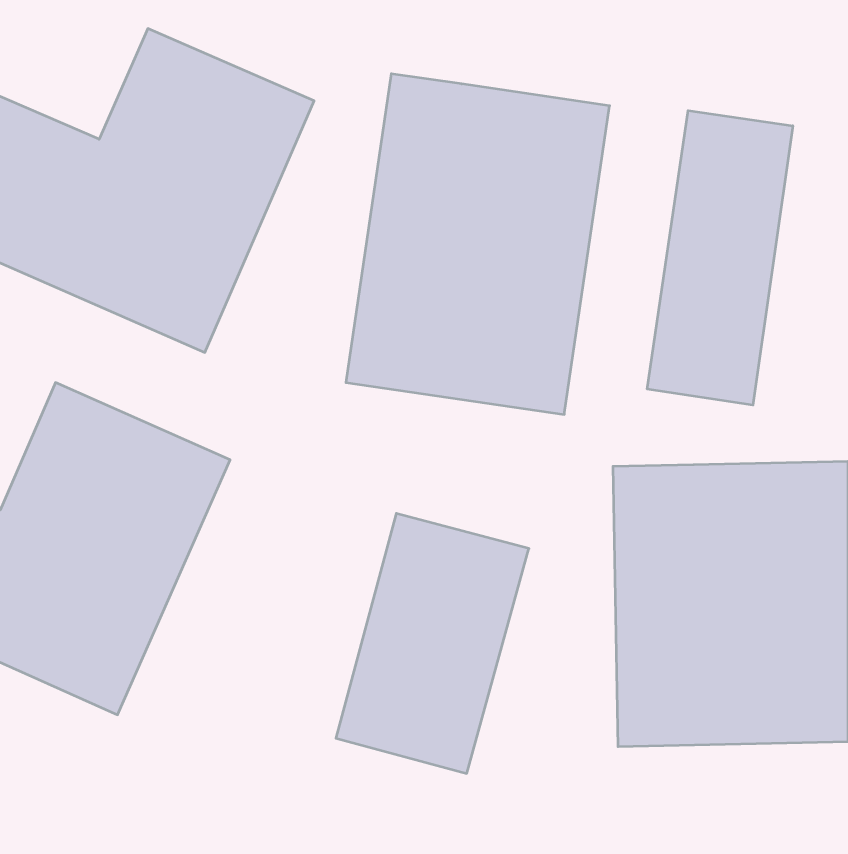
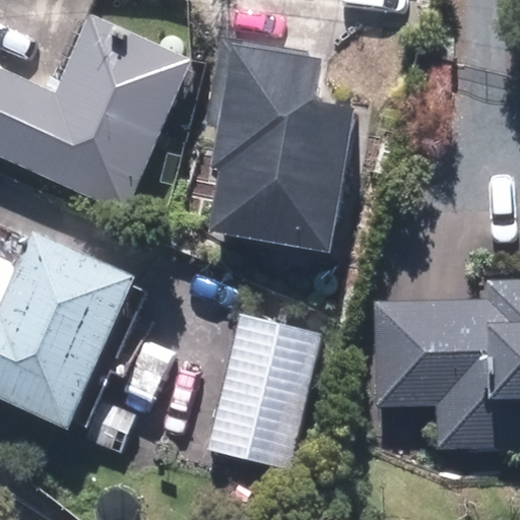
building: [647,111,793,405] -> none

